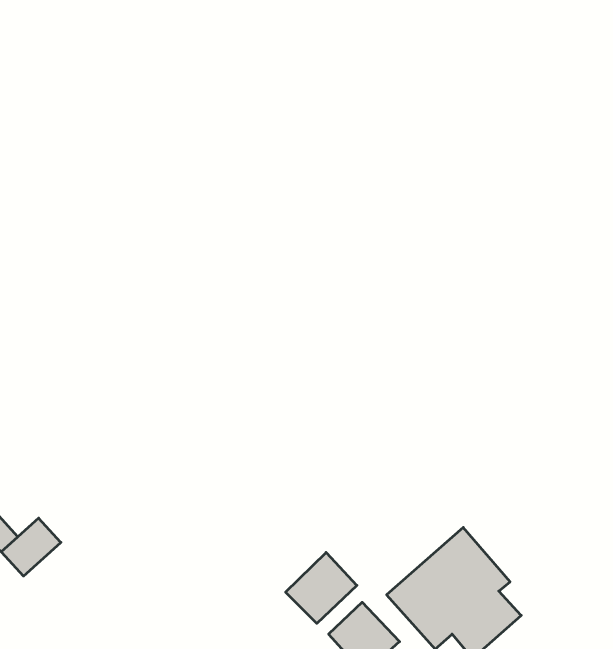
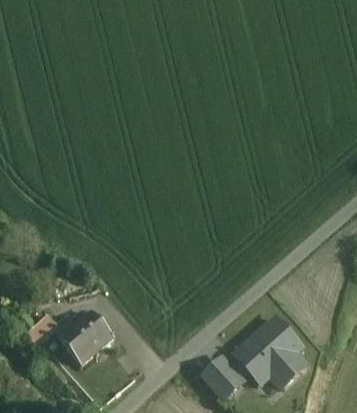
building: none -> [60,309,113,363]
building: [286,552,357,623] -> none

